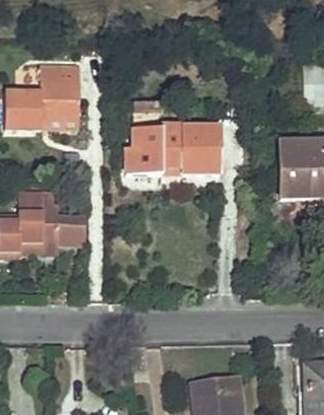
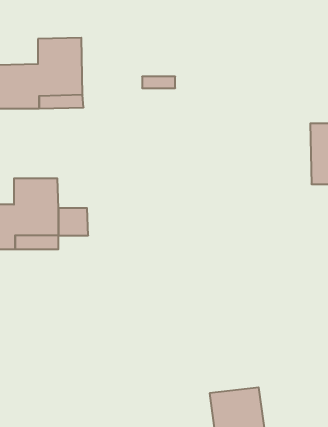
building: [127,125,221,175] -> none

